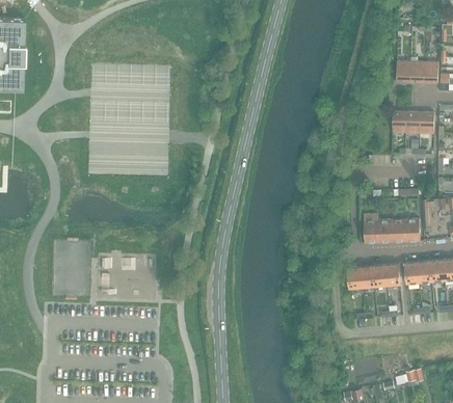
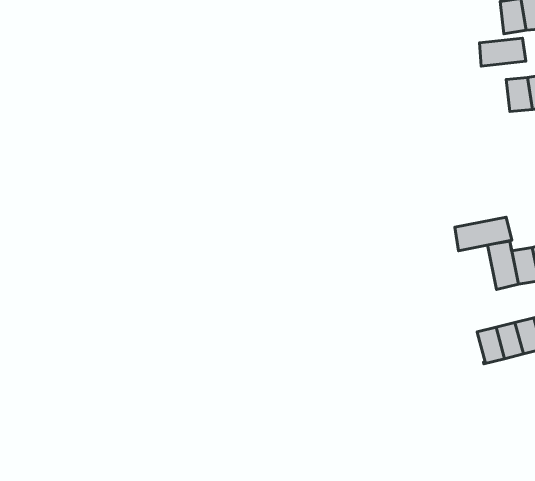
building: none -> [479,38,526,66]
building: none -> [455,217,512,251]

